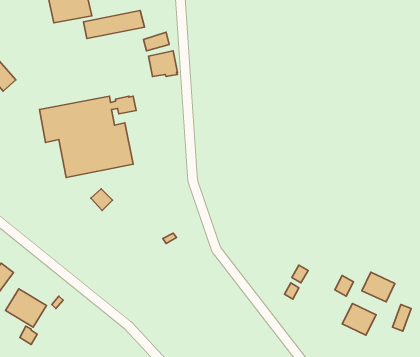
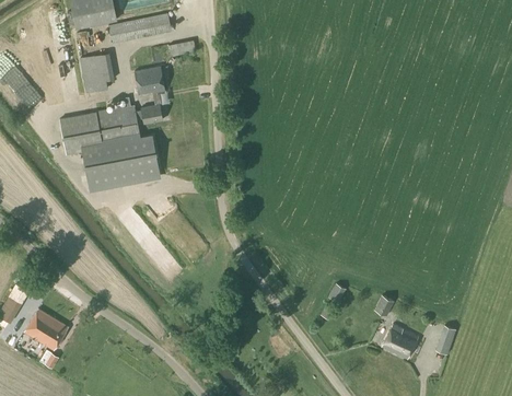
building: none -> [79,53,114,93]
building: [149,51,177,77] -> [135,67,165,94]
building: [362,272,395,302] -> none

